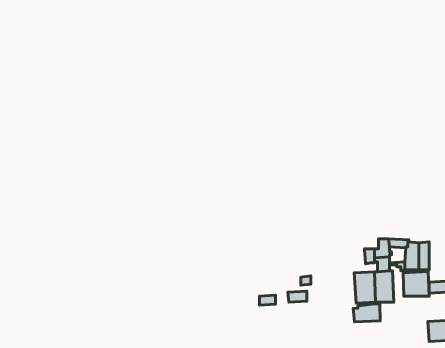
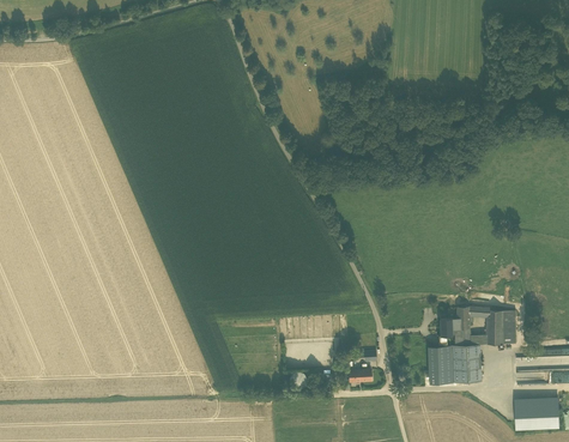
building: [403,271,429,296] -> none
building: [353,304,380,322] -> none

